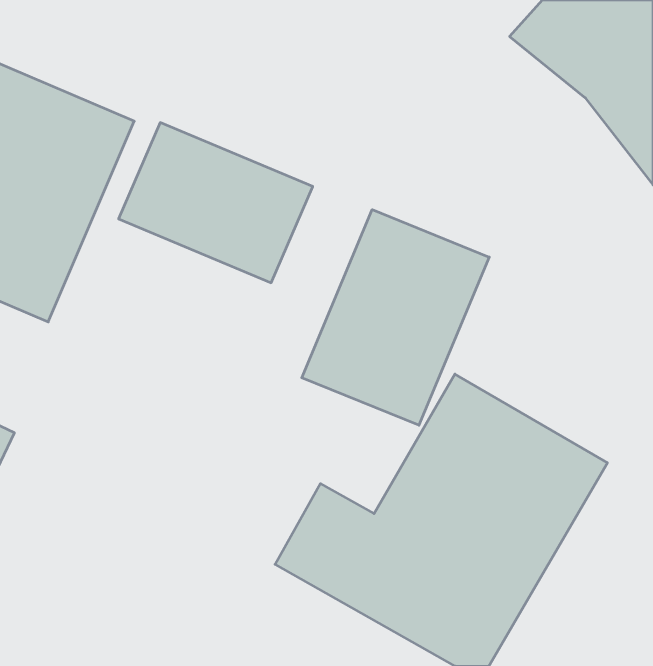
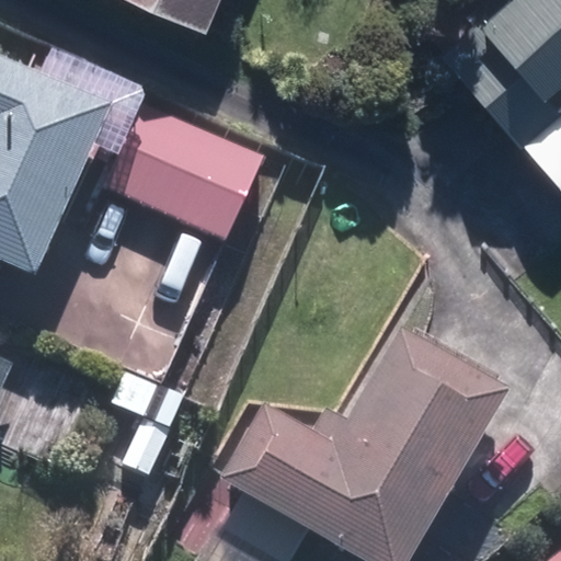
building: [302,210,489,425] -> none

